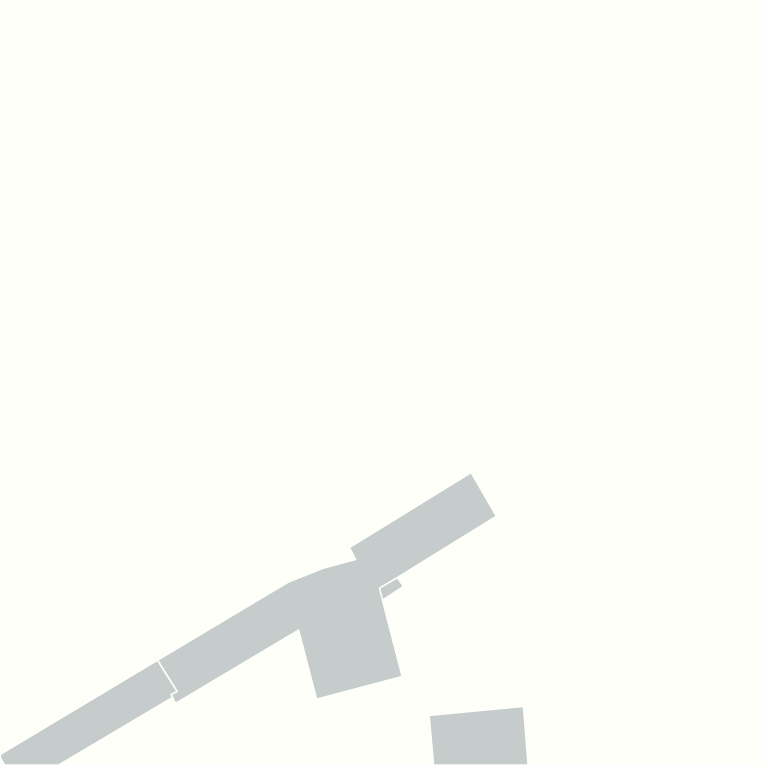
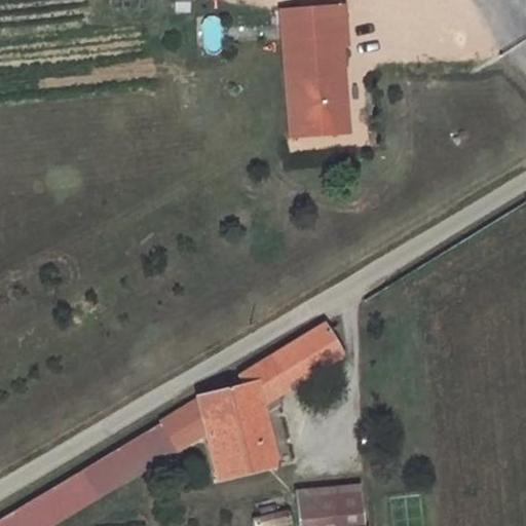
building: none -> [285,6,349,134]

